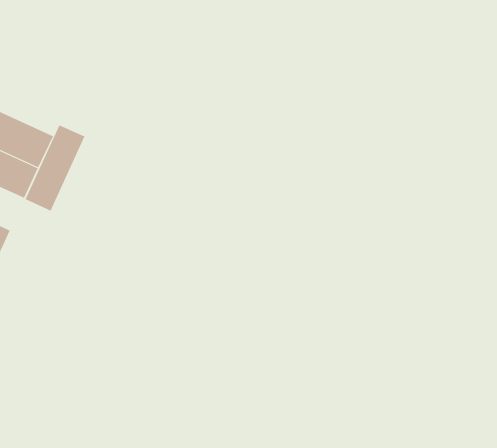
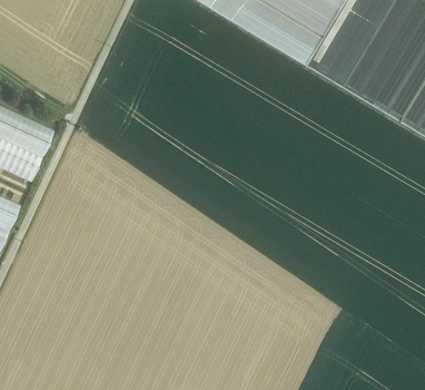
building: [25,124,85,211] -> none

